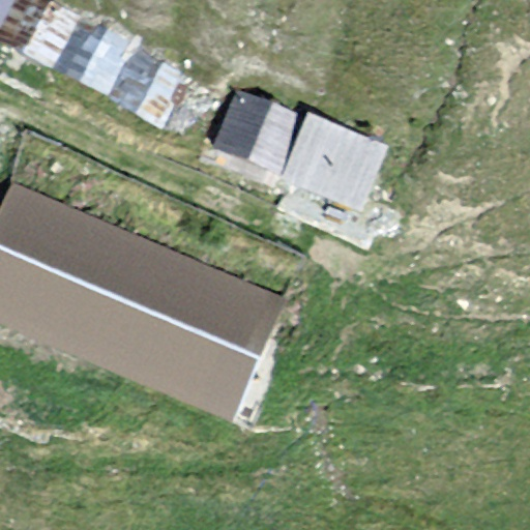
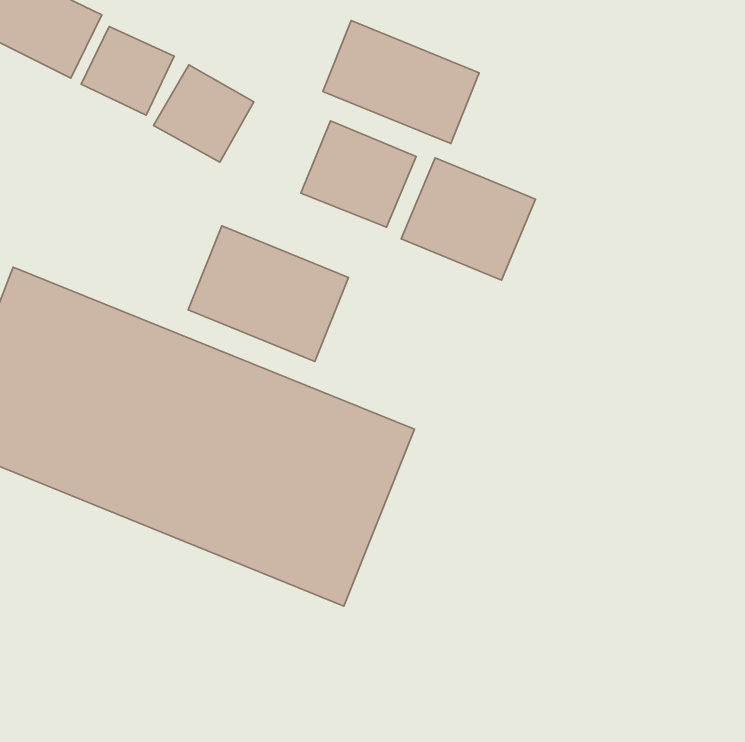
building: none -> [323,20,479,144]
building: none -> [188,226,349,362]

